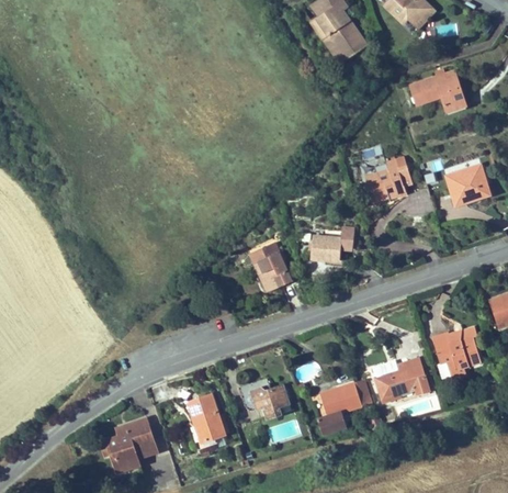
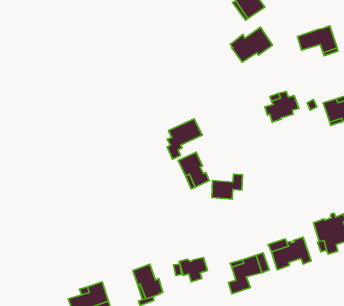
building: none -> [230,27,272,62]
building: none -> [167,119,202,159]
building: [312,227,353,261] -> [212,174,243,199]

